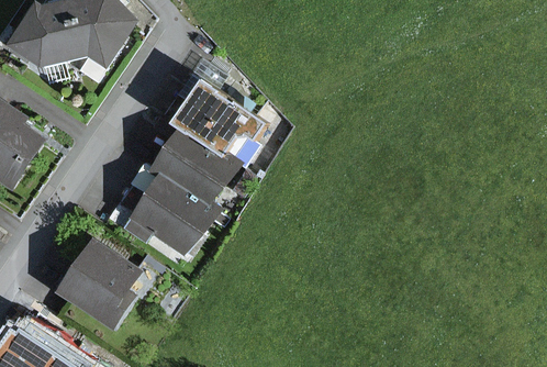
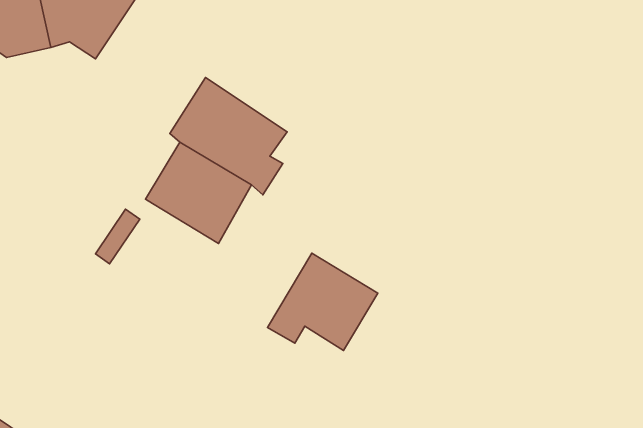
building: [121,177,205,252] -> [268,253,378,350]
building: [59,244,134,325] -> none

